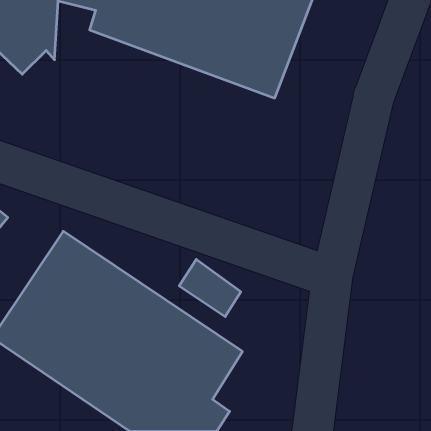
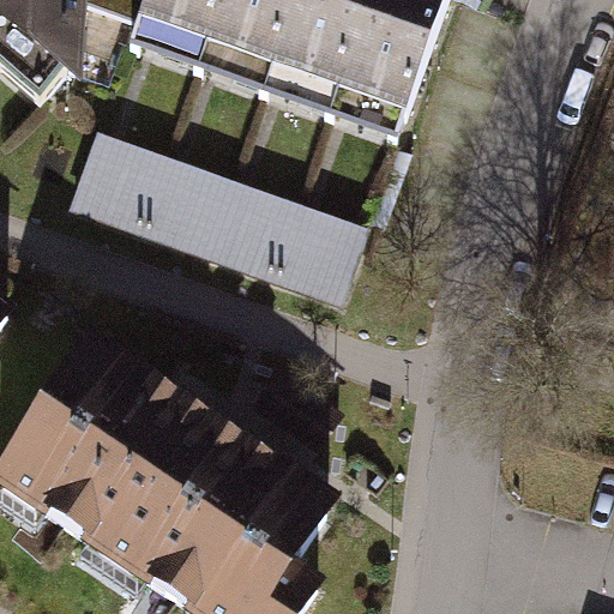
building: none -> [65,131,360,299]

